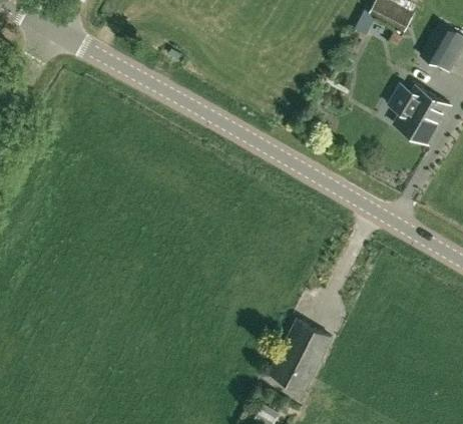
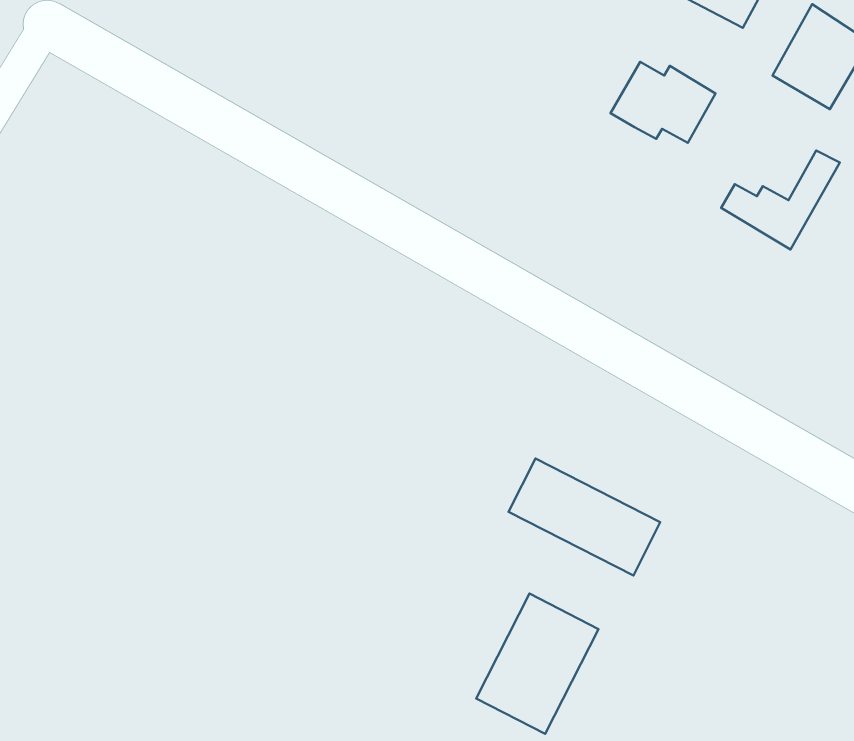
building: [389,80,442,121] -> [611,62,715,143]
building: none -> [509,458,660,575]

